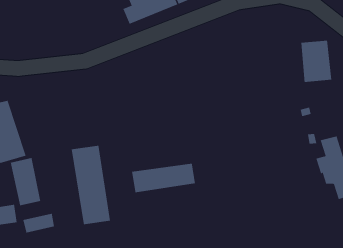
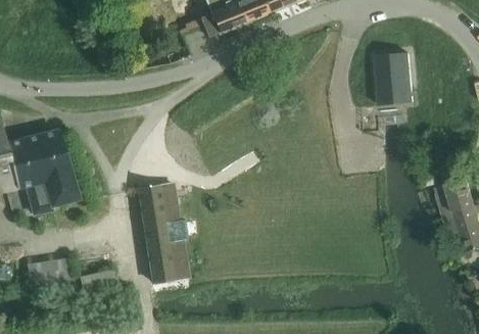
building: [300,40,332,82] -> [374,52,413,104]
building: [10,157,41,206] -> none
building: [132,163,195,193] -> none

